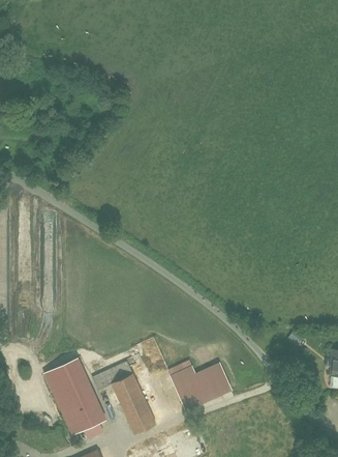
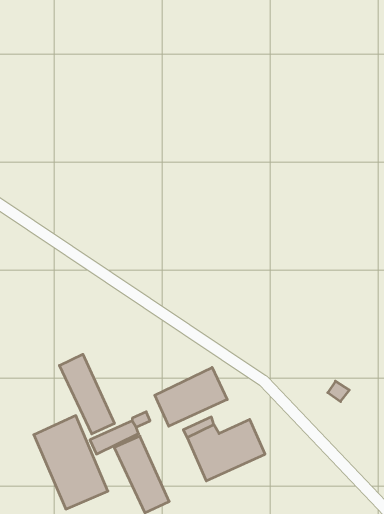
building: none -> [59,354,114,434]
building: none -> [155,367,227,426]

